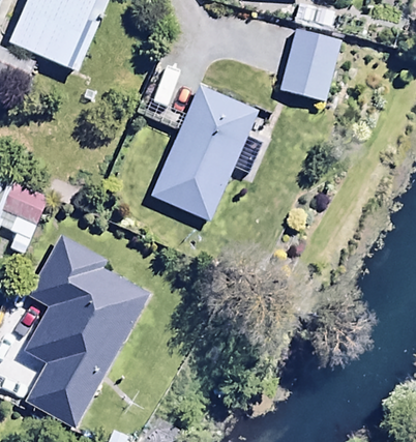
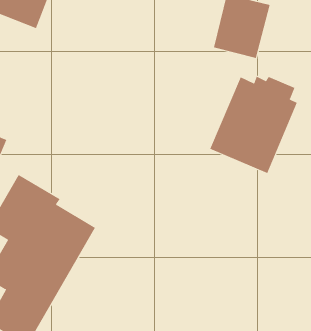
building: [142,75,263,222] -> none
building: none -> [209,76,297,174]

